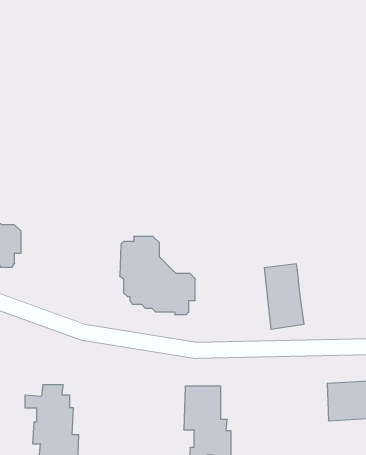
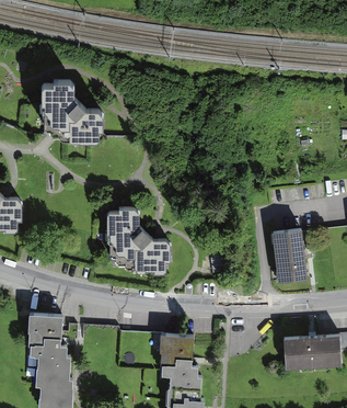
building: none -> [42,80,103,141]
building: [264,264,304,329] -> [274,227,308,283]
building: none -> [26,313,59,345]

